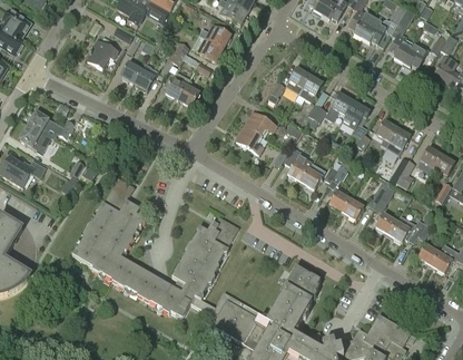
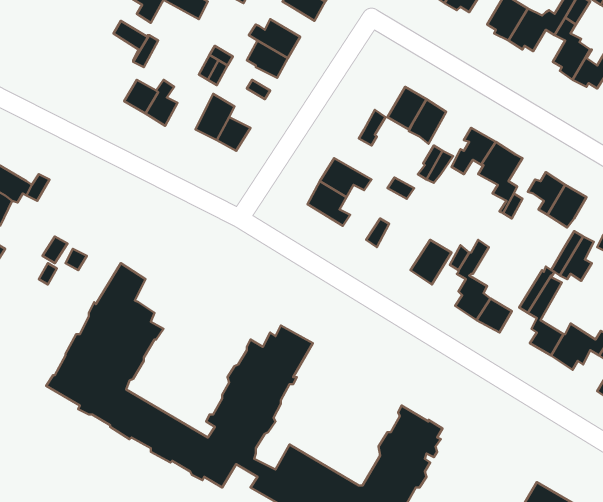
building: [88,39,119,68] -> none
building: [285,146,313,181] -> none

